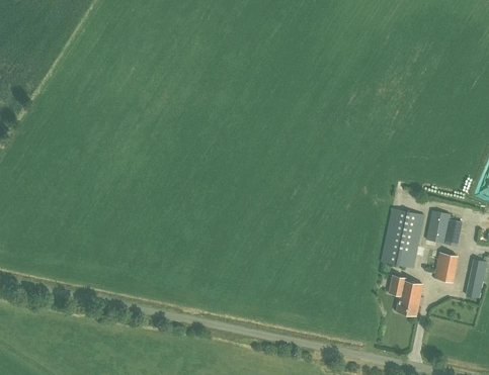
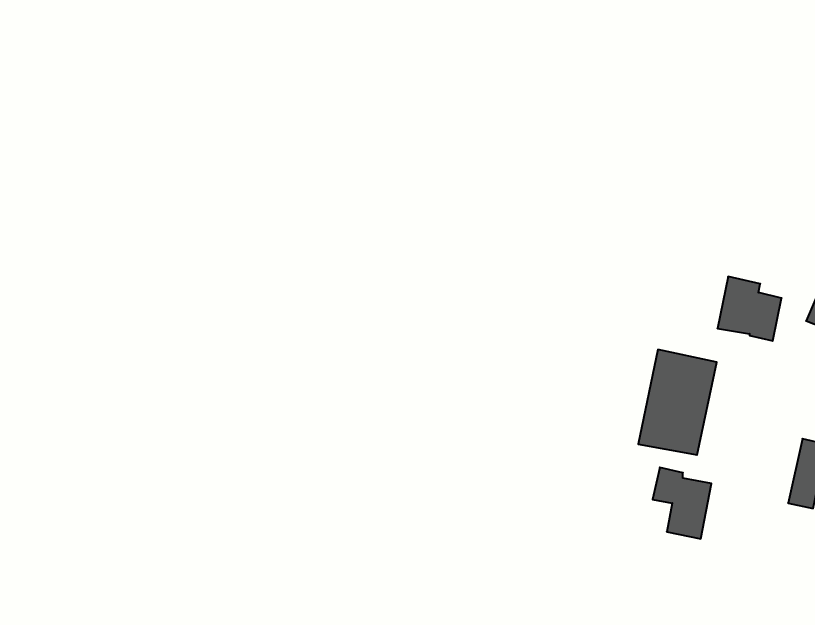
building: [425,210,462,247] -> [717,277,782,341]
building: [433,252,458,283] -> none

